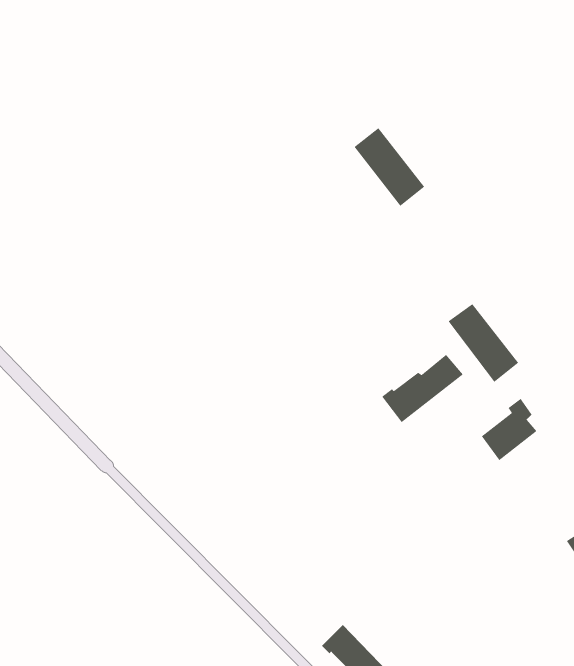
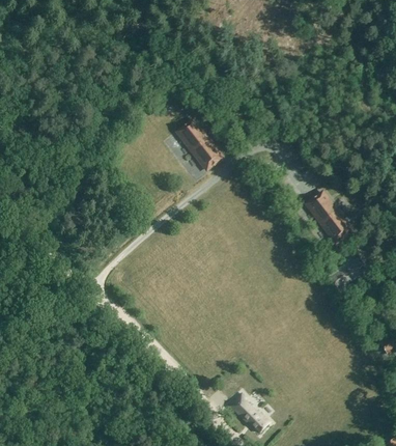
building: [354,127,425,207] -> [176,119,221,169]
building: [381,354,464,423] -> none

